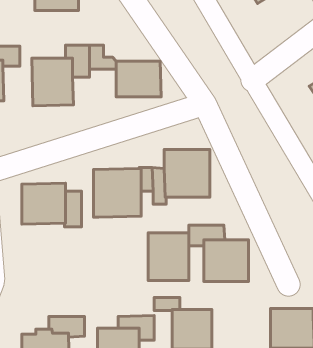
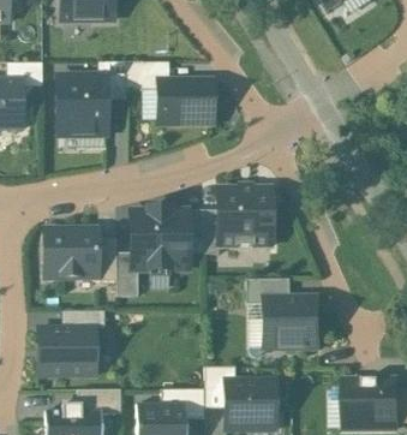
building: none -> [116,252,138,296]
building: [148,233,189,280] -> none
building: none -> [36,320,101,375]

